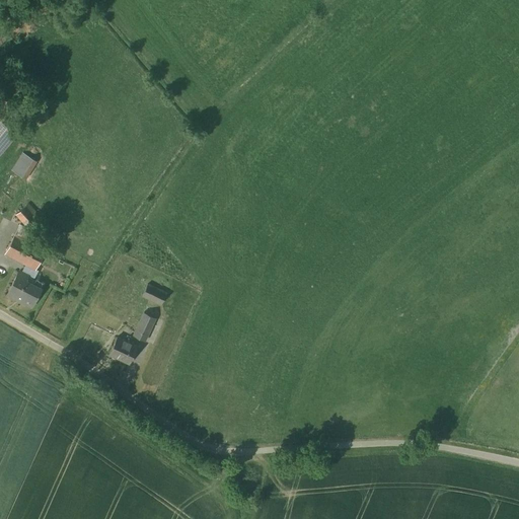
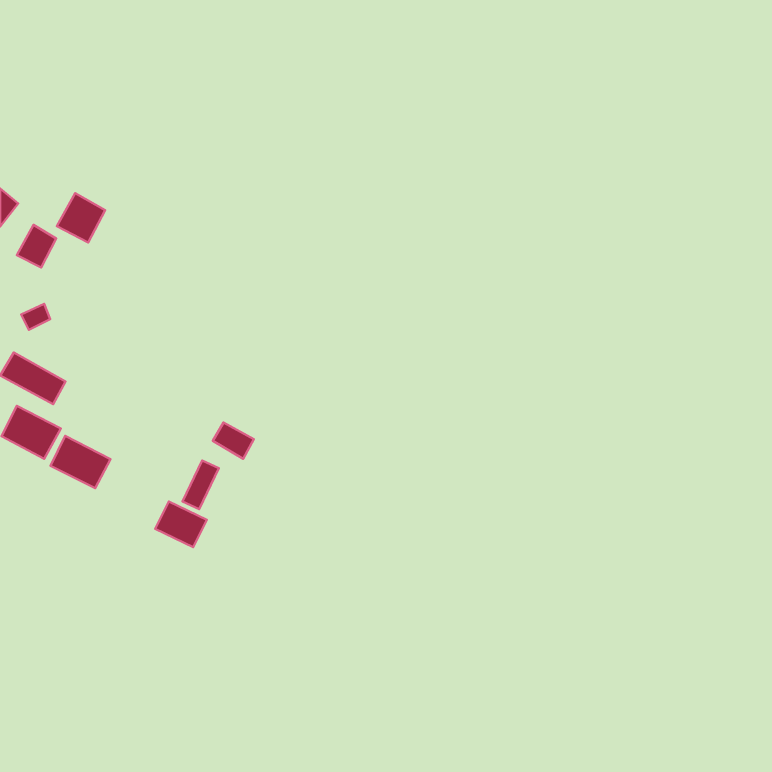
building: none -> [57,193,105,243]
building: none -> [50,436,111,488]

